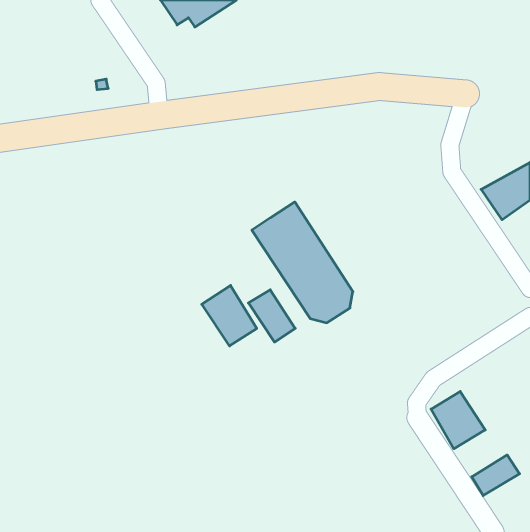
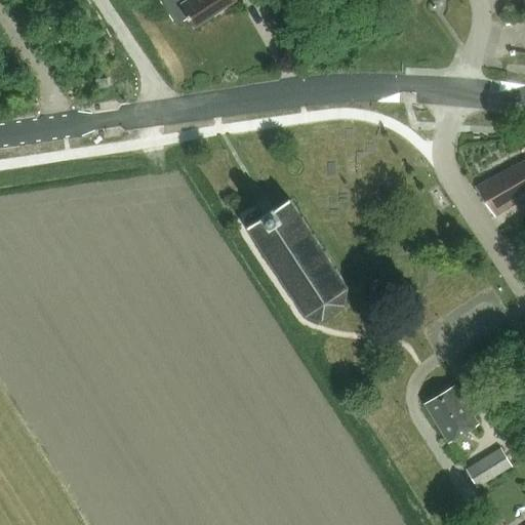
building: [202,285,257,346] -> none
building: [248,290,295,342] -> none

